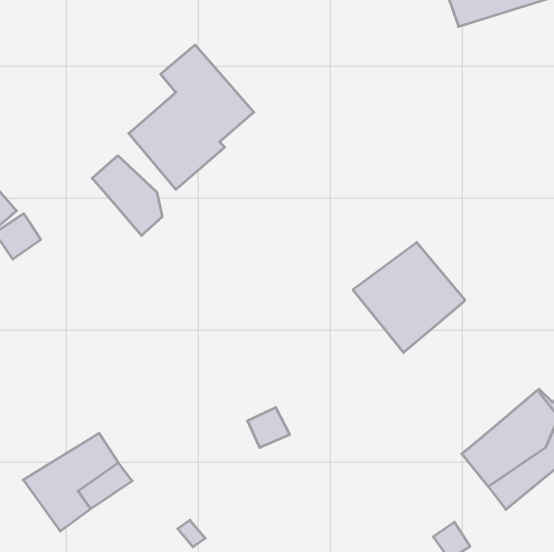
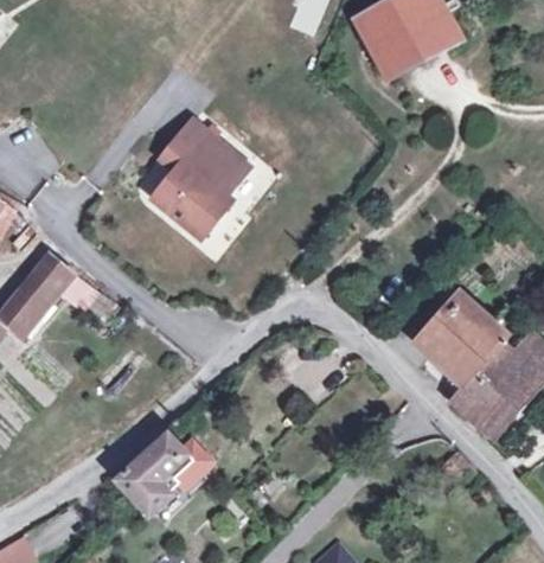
building: [92,156,162,236] -> none
building: [353,242,465,353] -> [416,298,504,384]

